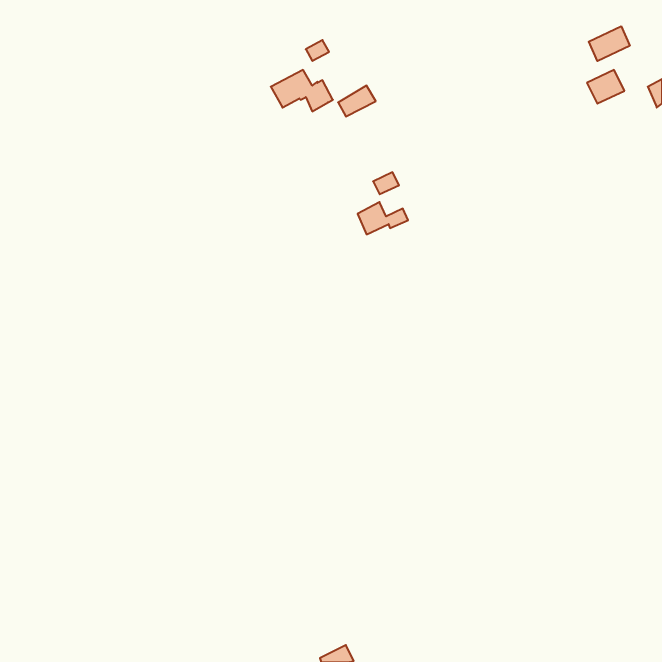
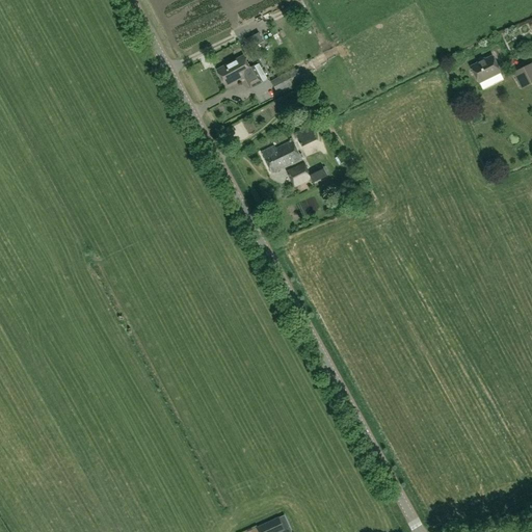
building: [589,26,630,61] -> none
building: none -> [262,139,301,174]

